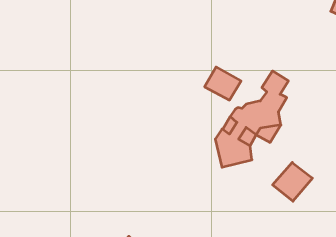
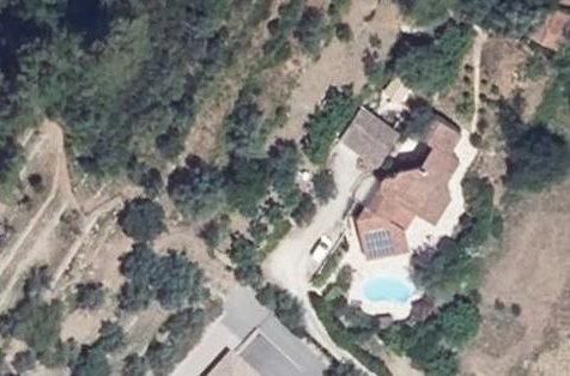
building: [273,162,312,201] -> none

